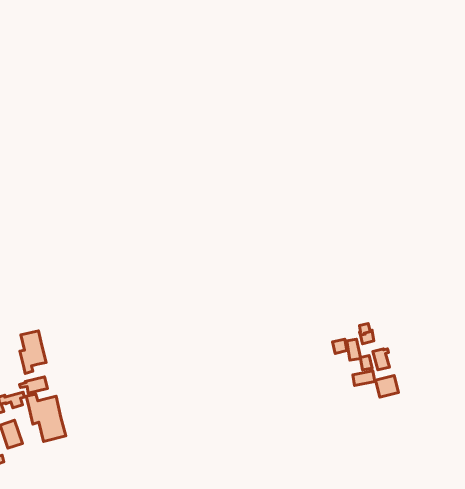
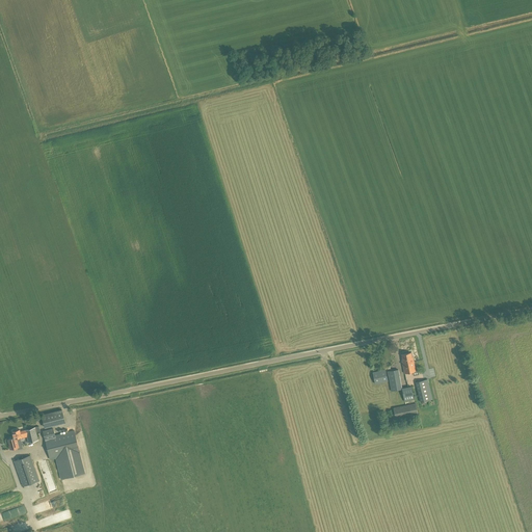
building: [20,331,46,373] -> none
building: [376,376,398,397] -> none

